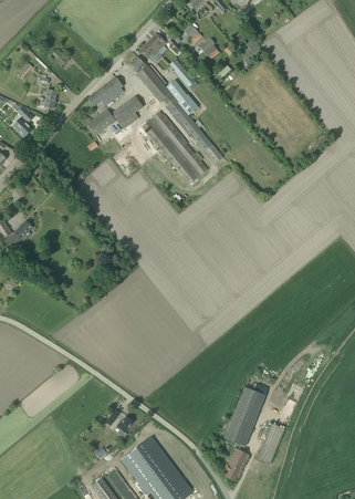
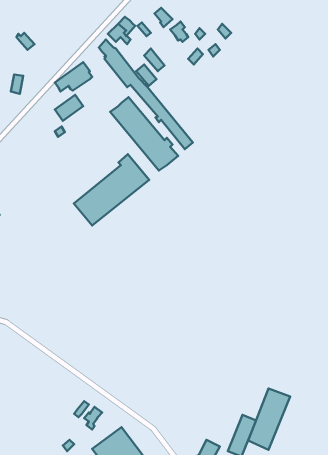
building: [112,97,142,128] -> none
building: none -> [74,154,149,226]
building: [225,386,265,446] -> [248,389,290,450]

